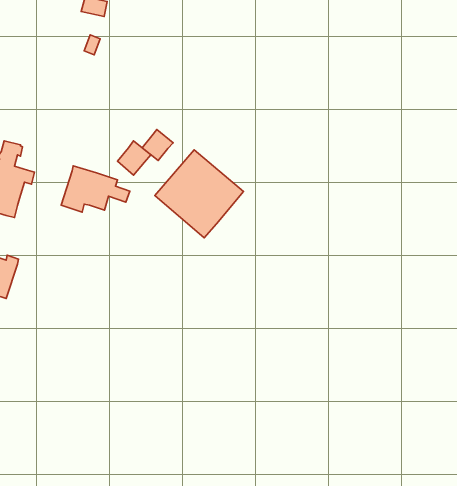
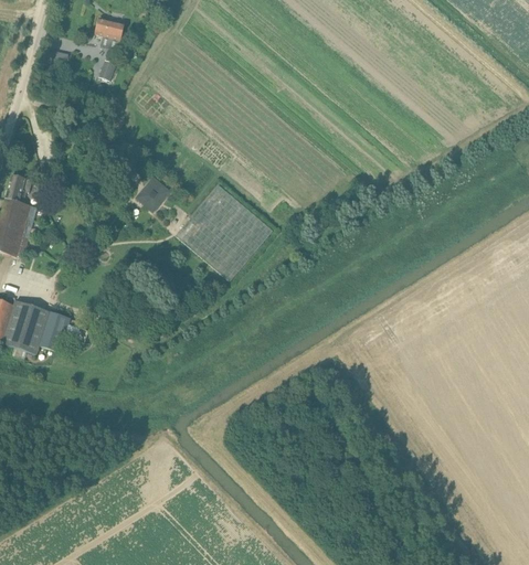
building: [142,129,173,161] -> none
building: [61,166,130,212] -> [13,303,88,354]

